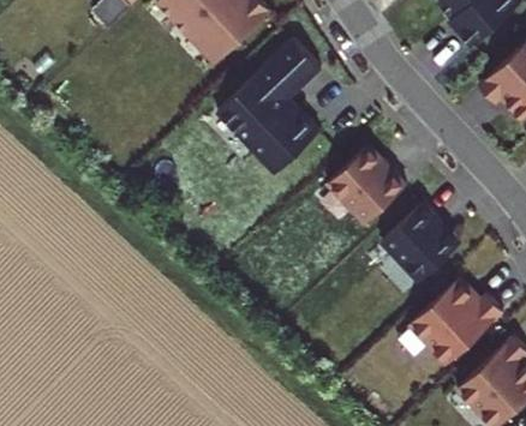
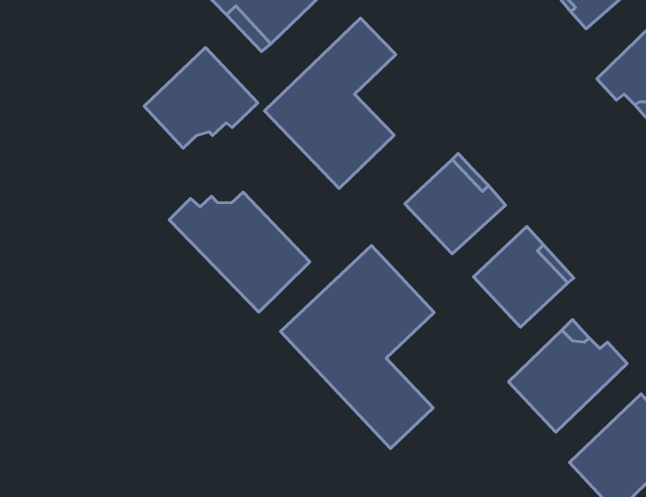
building: none -> [144,48,258,148]
building: none -> [169,192,310,312]
building: none -> [280,246,434,449]

